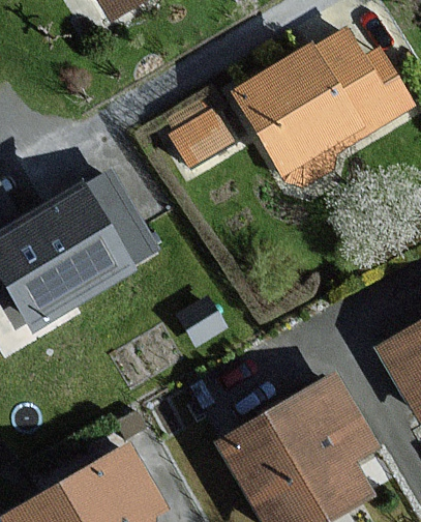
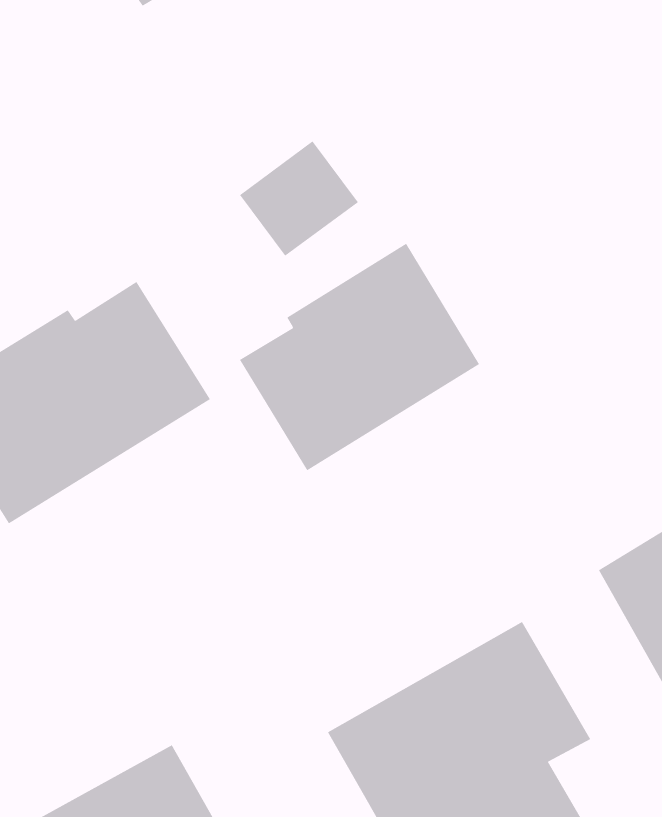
building: [237,30,411,184] -> none
building: none -> [239,243,480,471]

